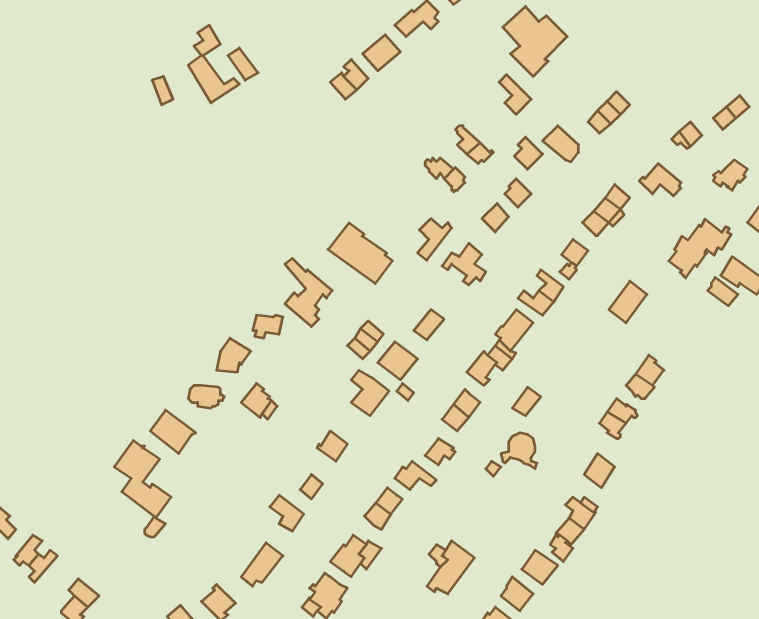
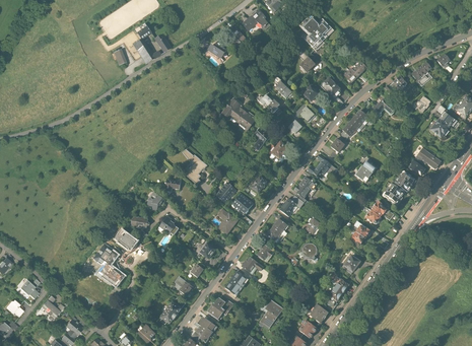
building: [669,219,731,278] -> [384,172,417,204]
building: [328,223,392,284] -> [222,98,257,131]

